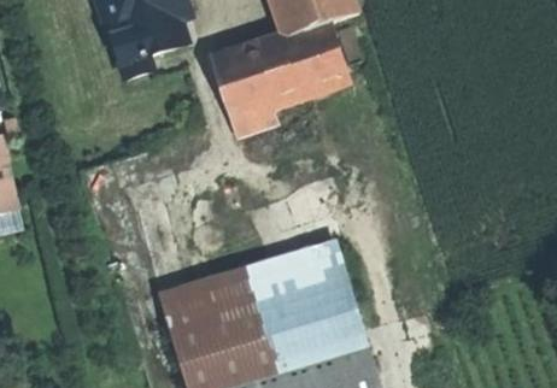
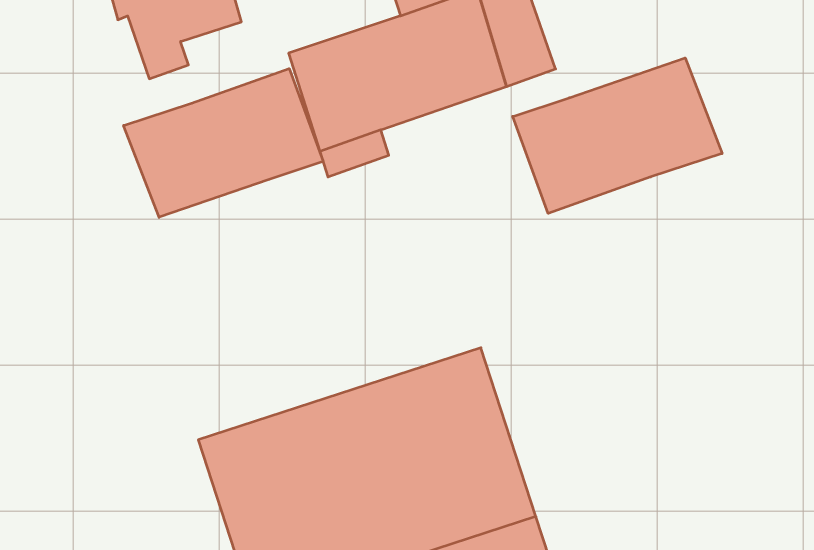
building: none -> [513,58,722,213]
building: none -> [124,69,323,217]

